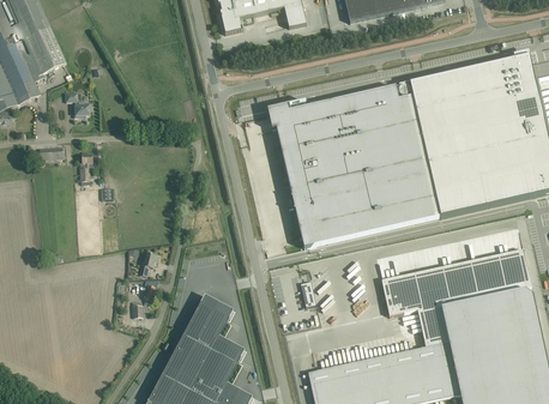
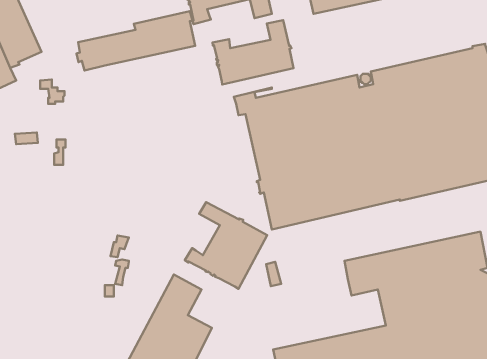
building: none -> [77,11,195,70]
building: none -> [213,20,294,85]
building: none -> [185,202,267,289]

